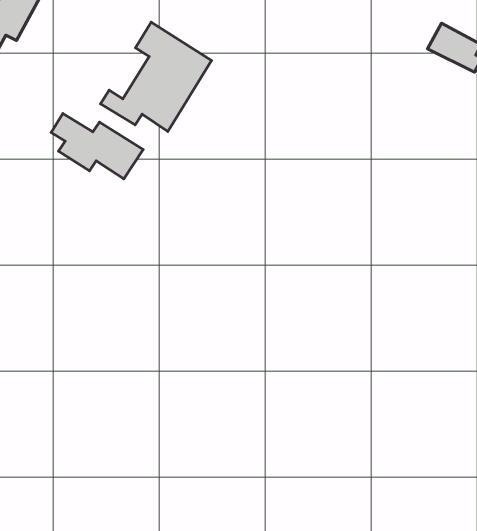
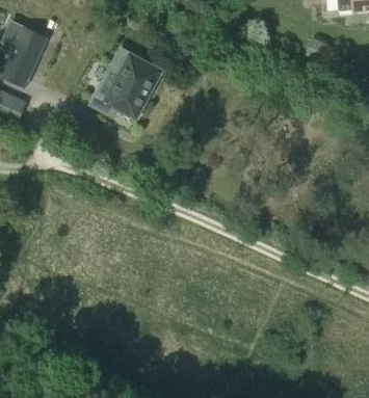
building: [51,114,143,179] -> none

